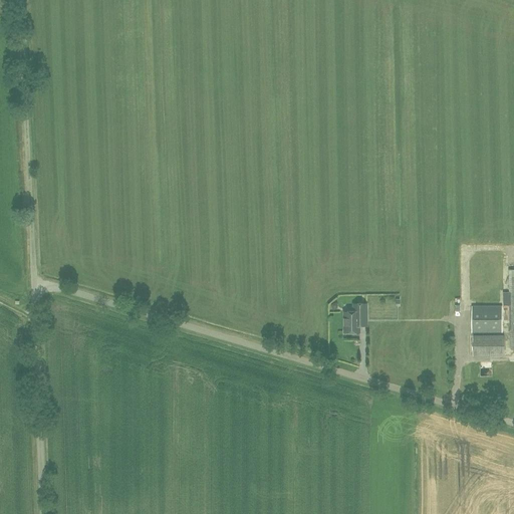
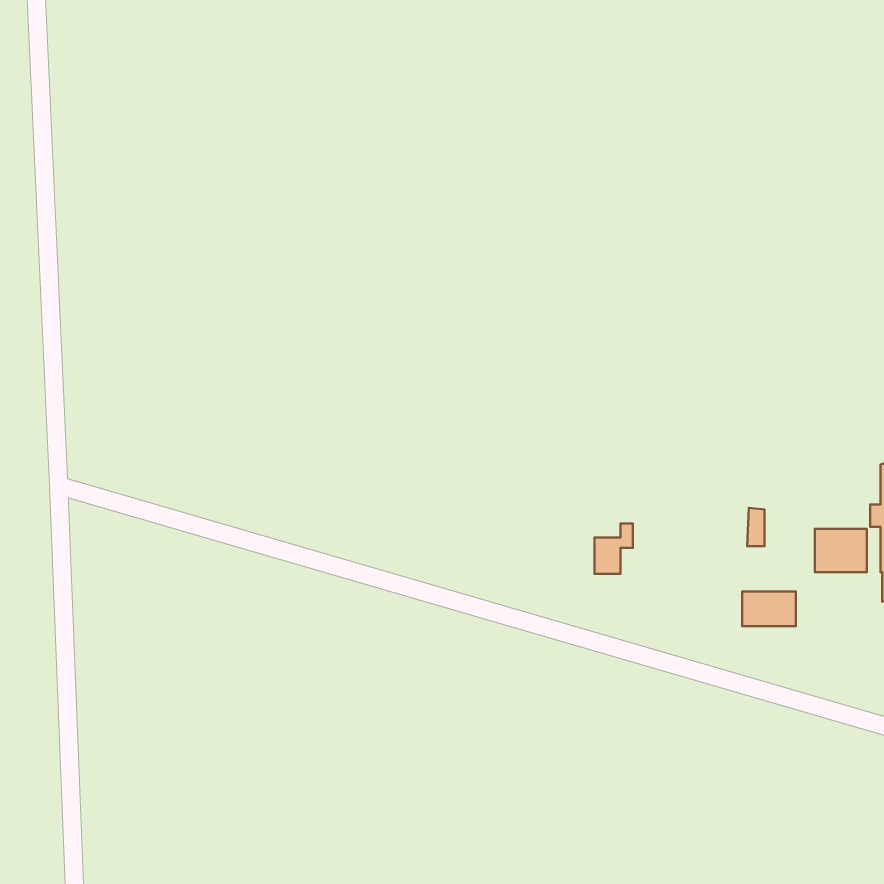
building: [474,335,505,355] -> [742,591,796,626]

